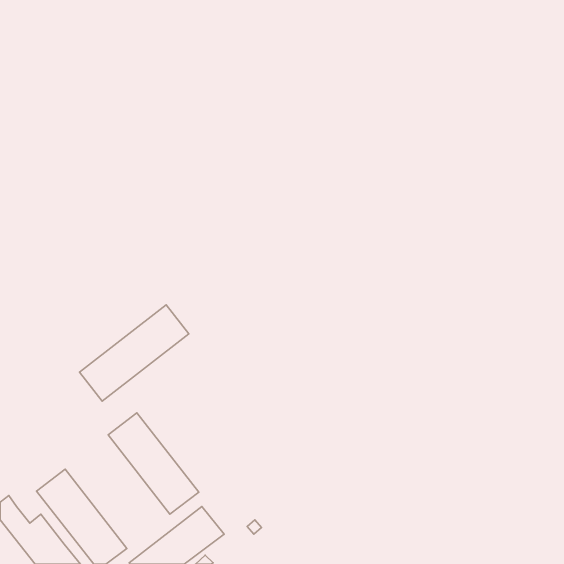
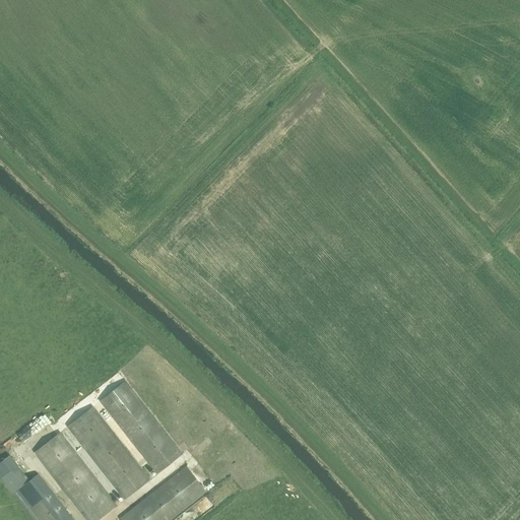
building: [80,305,189,401] -> none
building: none -> [67,406,150,500]

